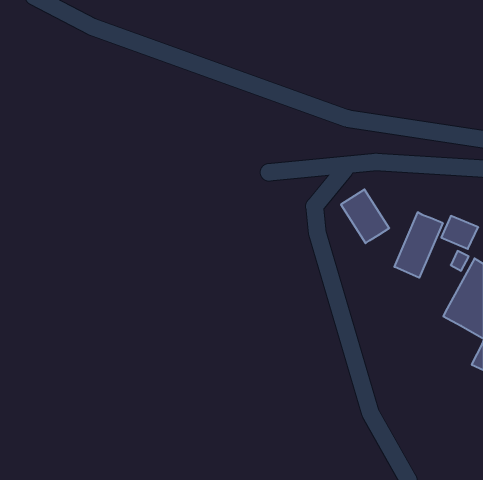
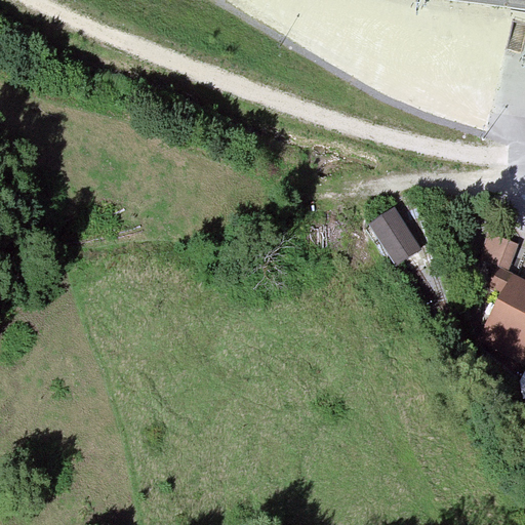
building: [394,212,443,278] -> none

